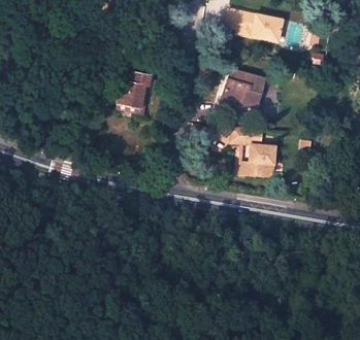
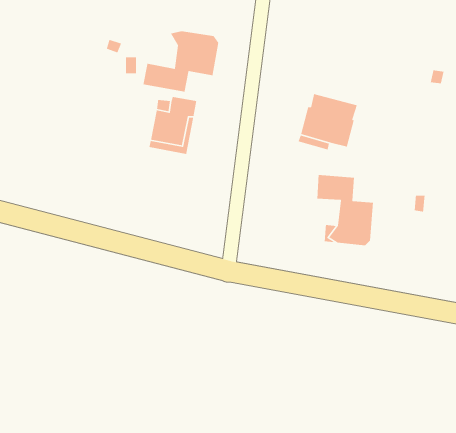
building: [226,8,283,40] -> none
building: none -> [142,30,219,92]

